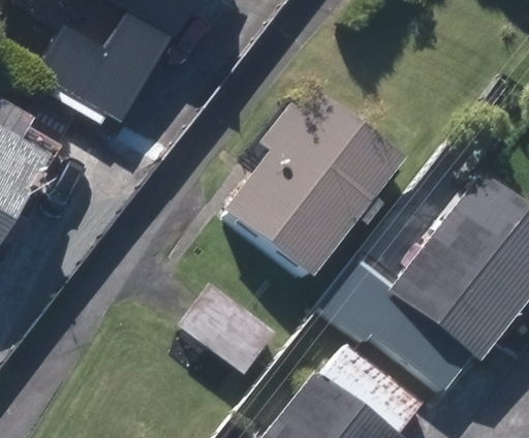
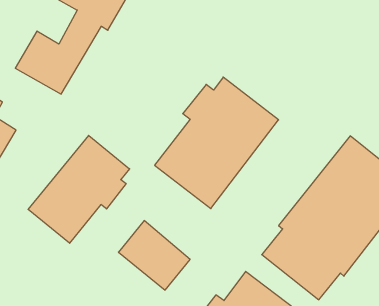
building: none -> [28,135,130,243]

